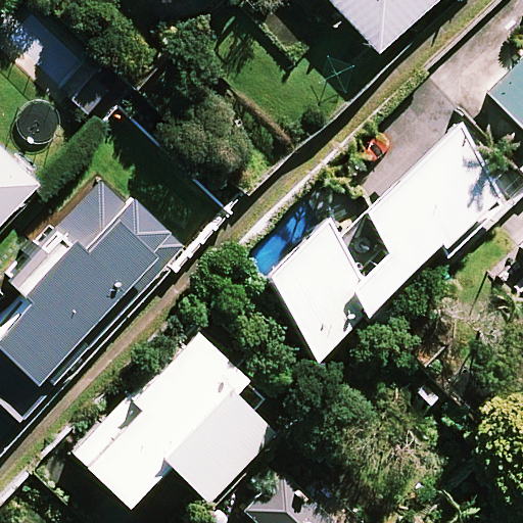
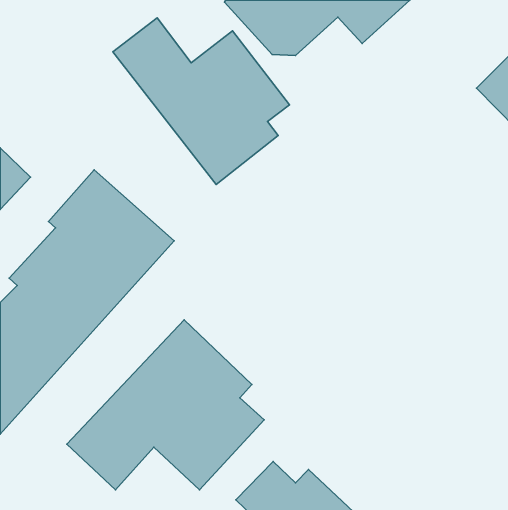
building: none -> [113,18,289,184]
building: [264,118,498,354] -> none

